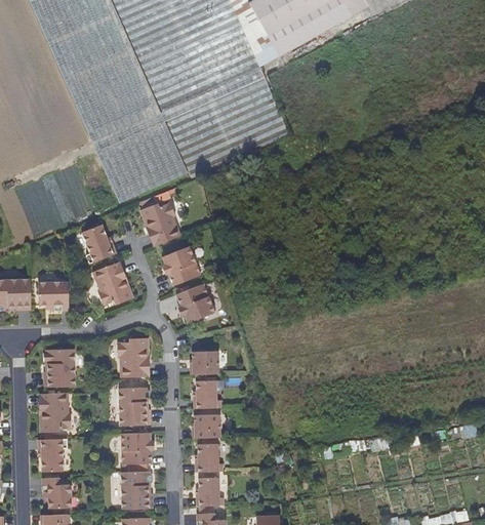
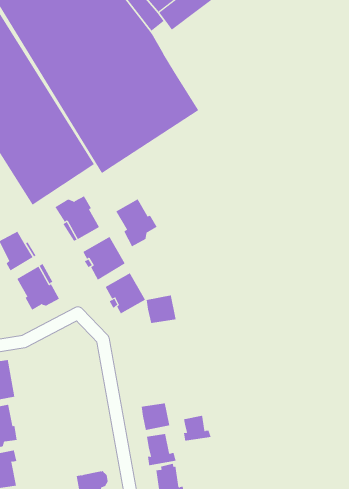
building: none -> [115,198,157,247]
building: [118,337,148,376] -> none
building: [193,349,219,373] -> [146,295,176,323]
building: [195,385,221,407] -> [183,415,211,441]
building: [118,386,150,425] -> none
building: [120,432,151,471] -> none

